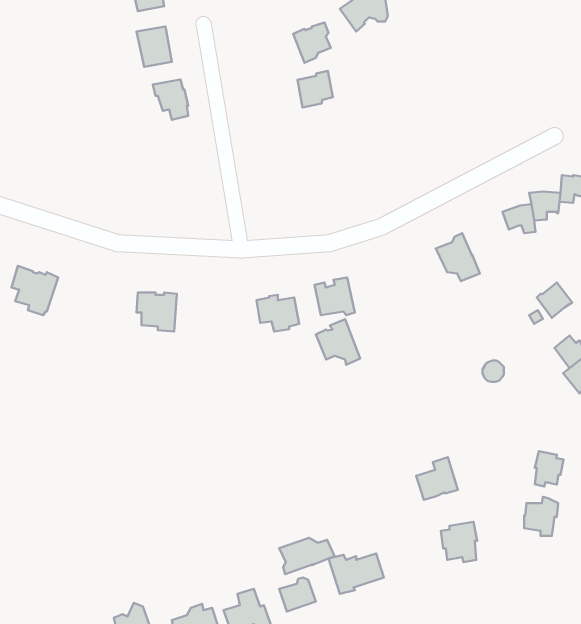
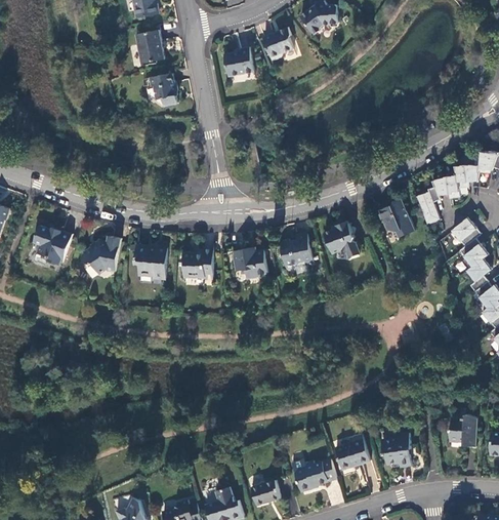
building: [297,71,333,107] -> [223,46,252,76]
building: none -> [415,187,438,224]
building: none -> [451,217,480,247]
building: none -> [82,236,120,274]
building: none -> [180,247,212,280]
building: none -> [466,258,491,291]
building: [316,319,360,365] -> [323,221,359,257]
building: [535,451,563,487] -> none
building: [416,457,458,500] -> [335,434,369,469]
building: [279,538,335,574] -> none

